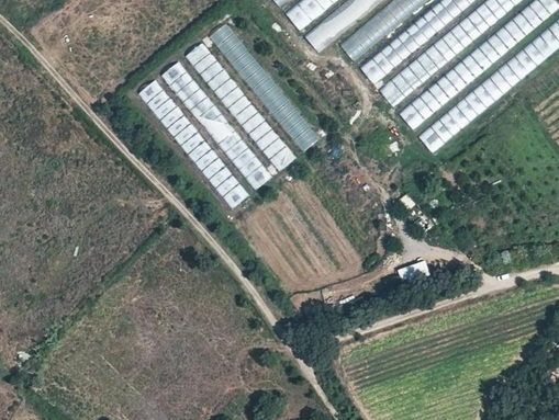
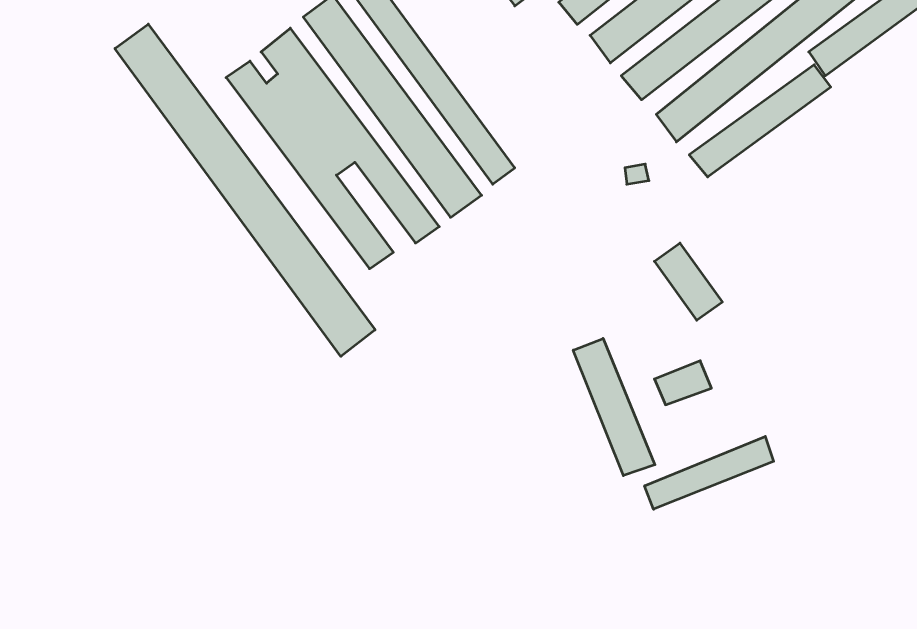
building: none -> [115,24,375,356]
building: none -> [573,338,655,476]
building: none -> [645,436,774,509]

